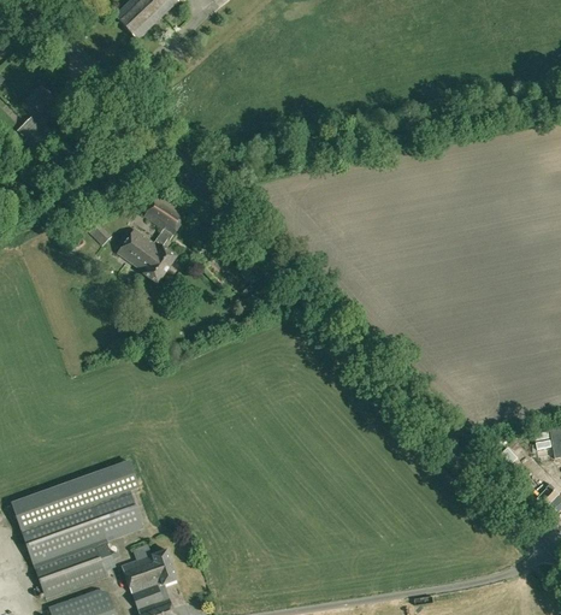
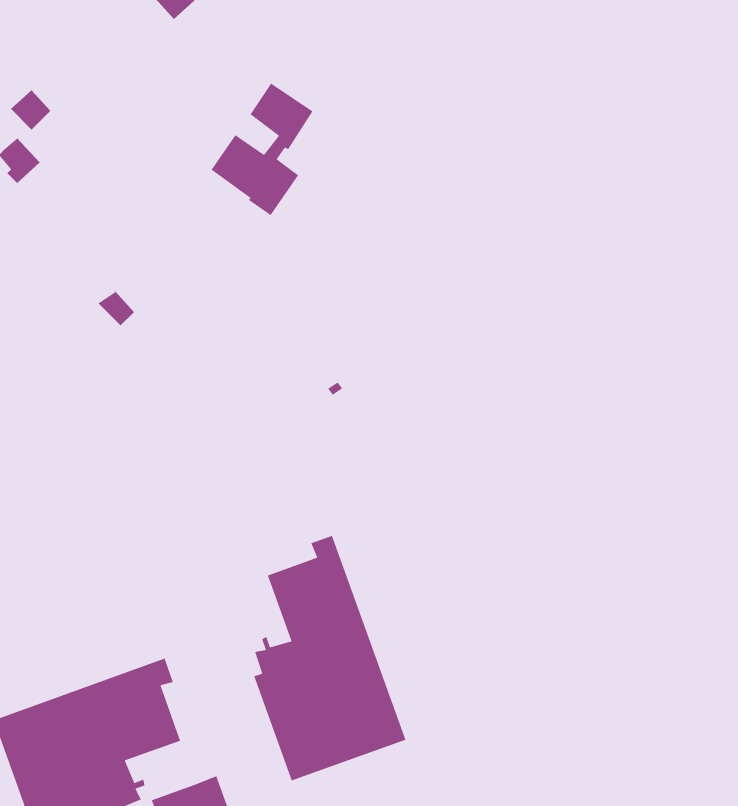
building: [117,194,187,284] -> [210,83,314,216]
building: none -> [253,535,406,782]

